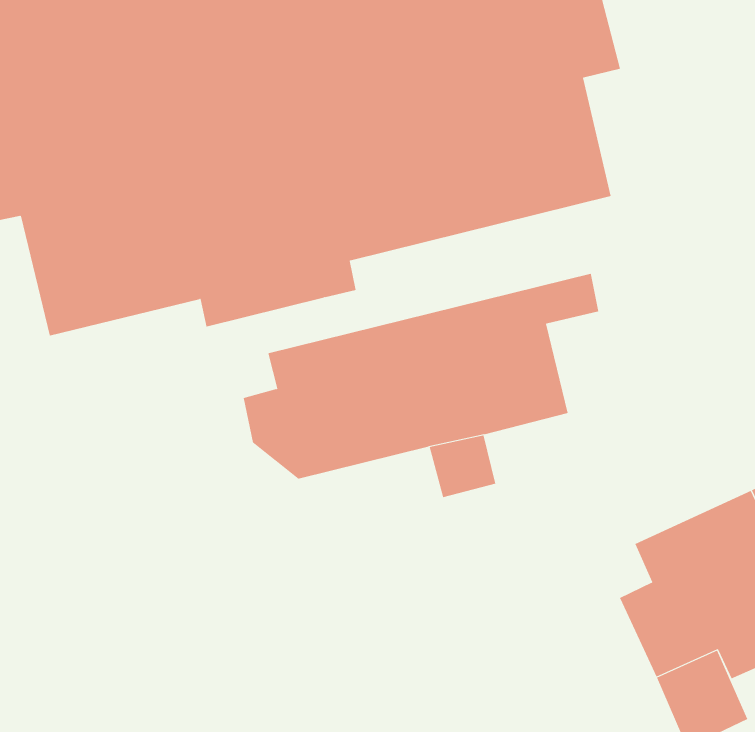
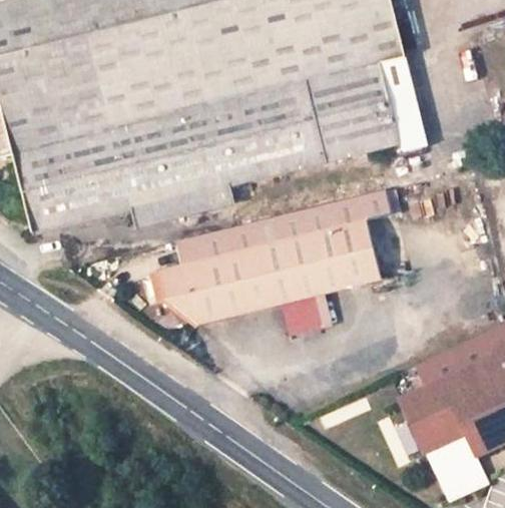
building: none -> [382,56,427,150]

